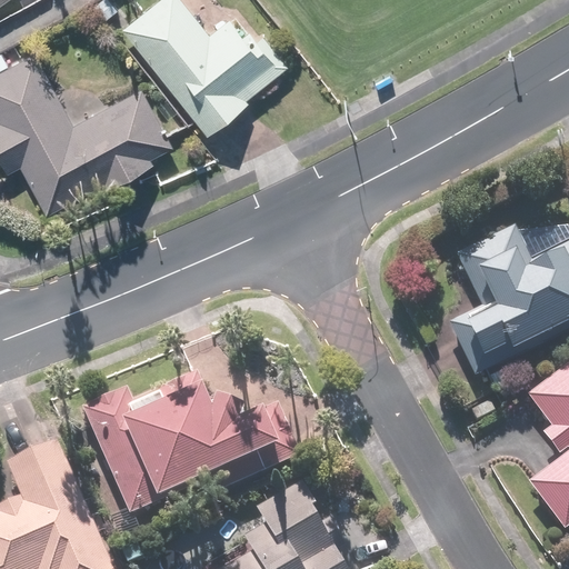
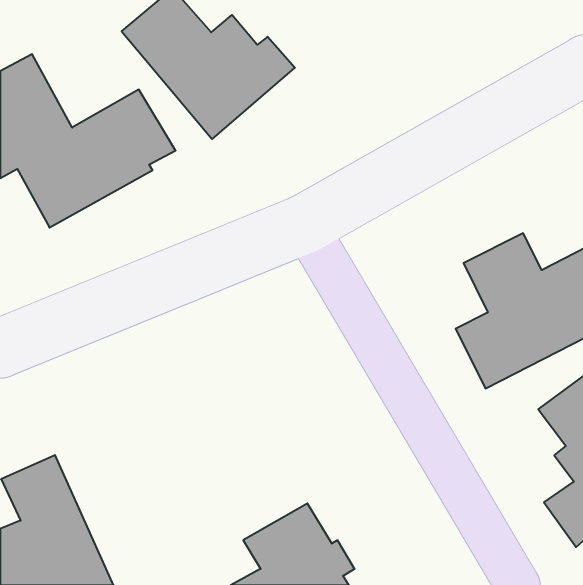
building: [74,372,297,529] -> none

